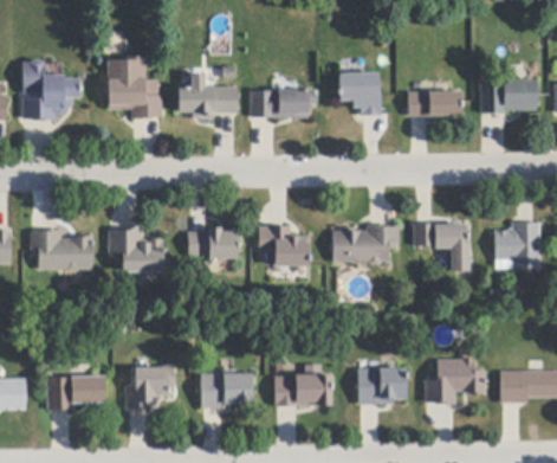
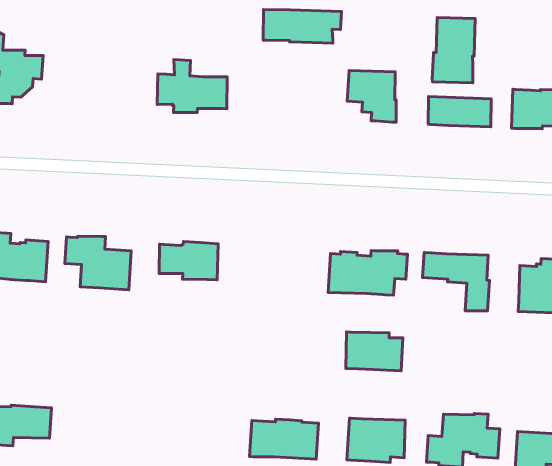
building: none -> [432,17,475,83]
building: [106,56,162,118] -> none
building: [250,89,316,117] -> [263,9,342,43]
building: [259,225,310,266] -> none
building: none -> [346,332,403,371]
building: [128,365,175,407] -> none
building: [201,368,253,407] -> none

